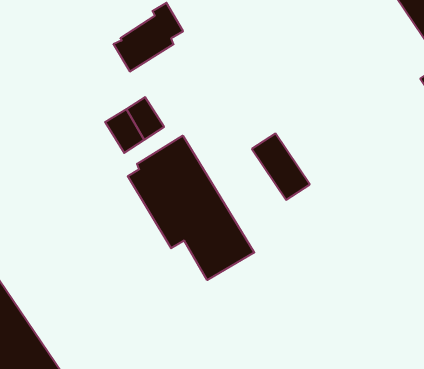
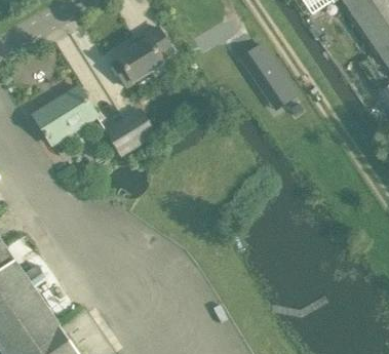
building: none -> [34,85,96,143]
building: [252,134,310,200] -> [241,43,291,101]
building: [128,136,254,280] -> none

